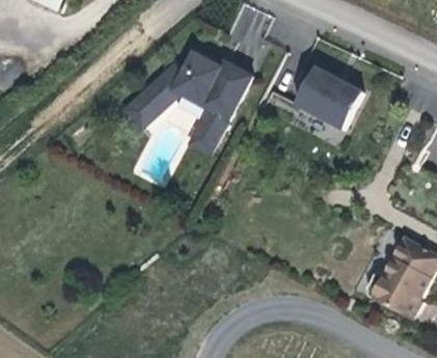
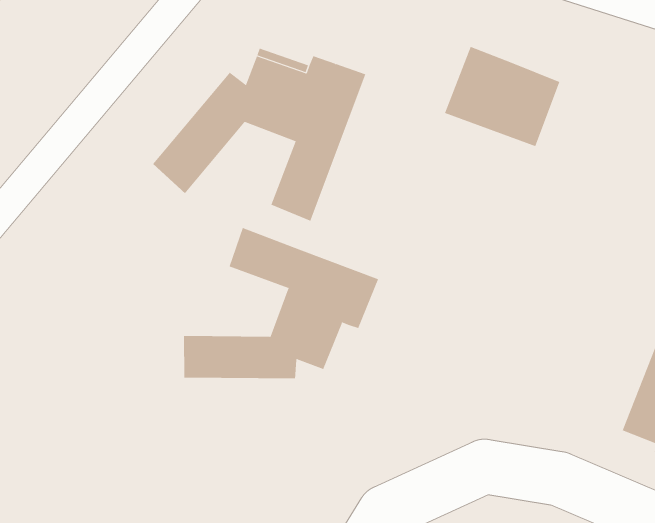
building: none -> [183,227,379,379]

